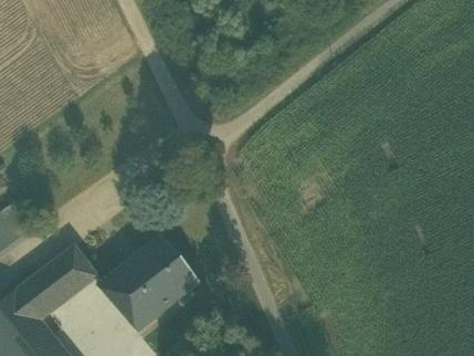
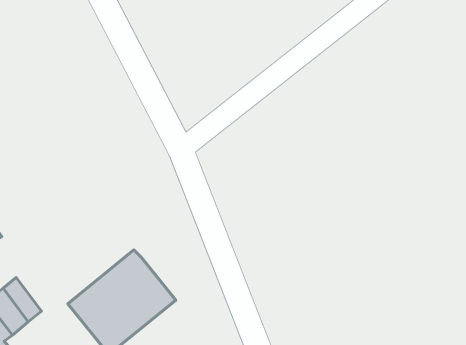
building: [51,243,97,291] -> none

